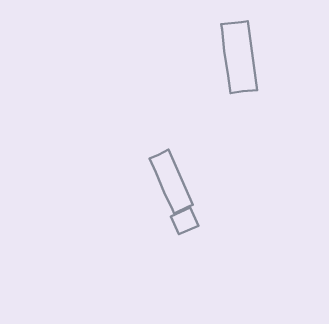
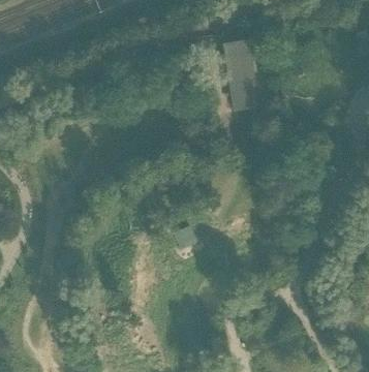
building: [150,150,193,214] -> none

